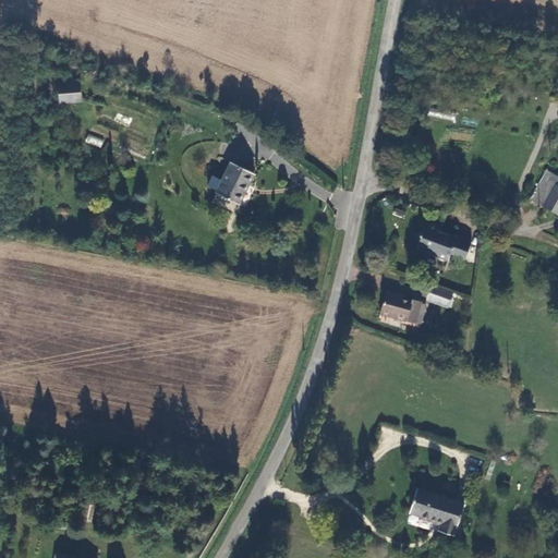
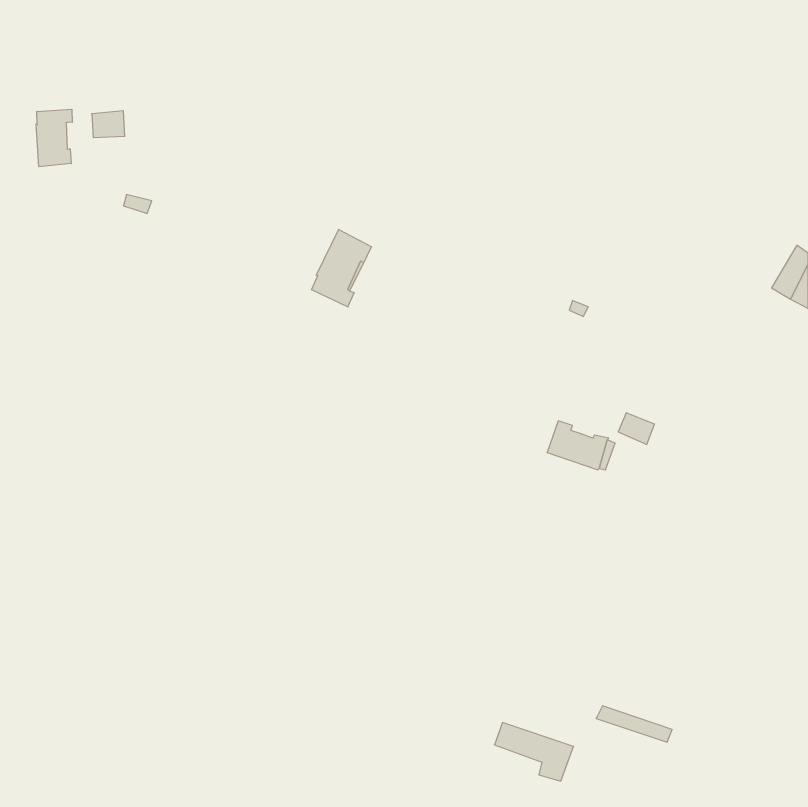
building: none -> [36,109,72,167]
building: [416,221,473,262] -> none
building: [405,496,460,536] -> [494,723,574,781]

